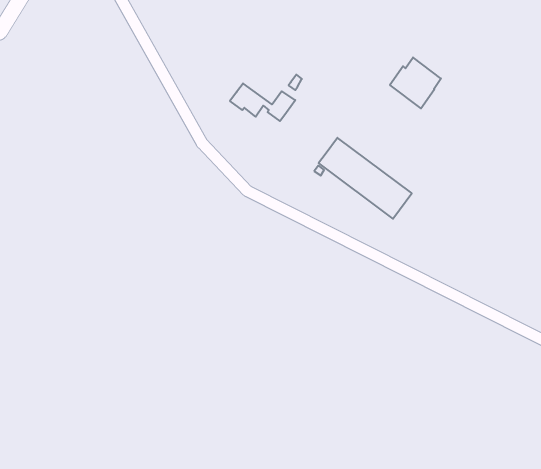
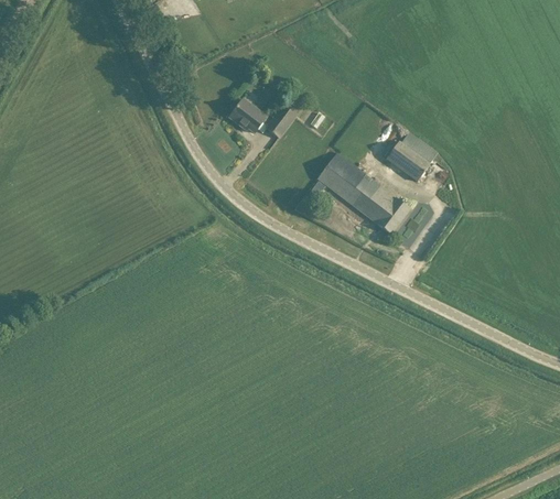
building: [390,57,441,108] -> [386,130,437,181]

